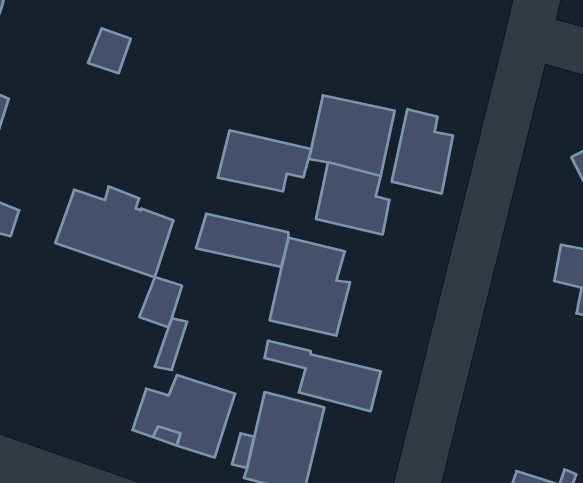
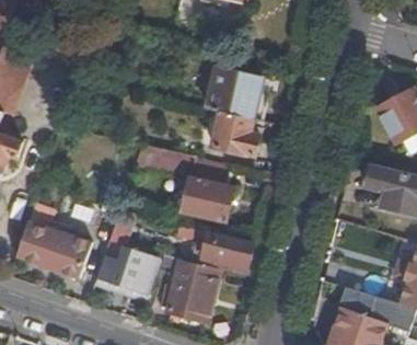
building: [392,109,453,194] -> none
building: [218,130,311,191] -> none
building: [55,186,174,277] -> [18,220,93,278]

